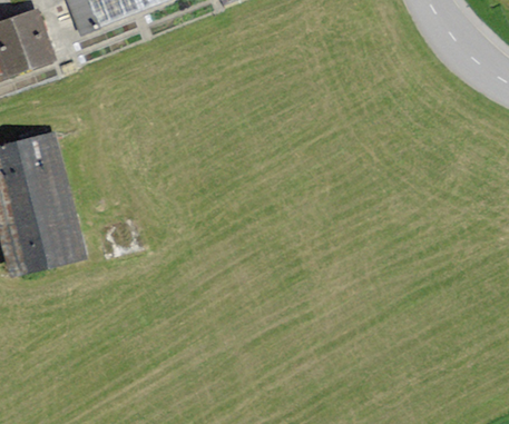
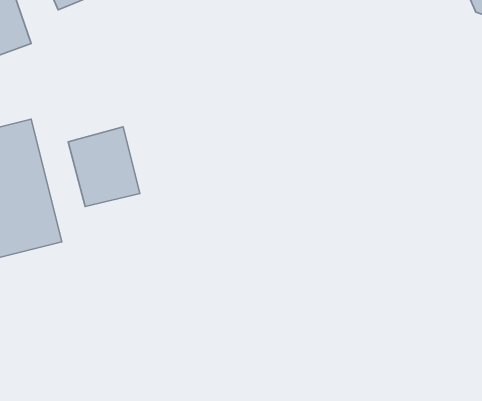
building: none -> [68,127,140,207]

